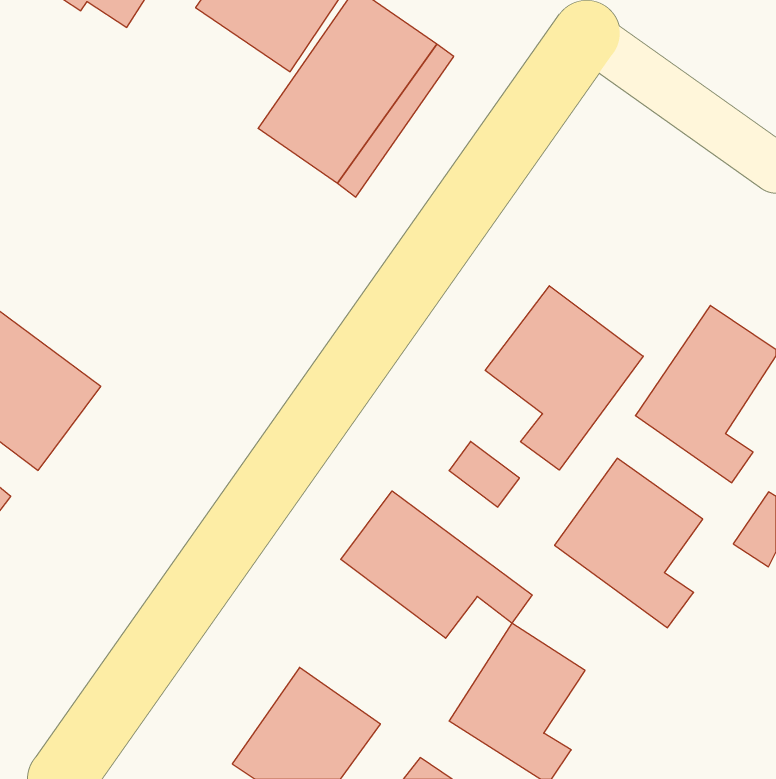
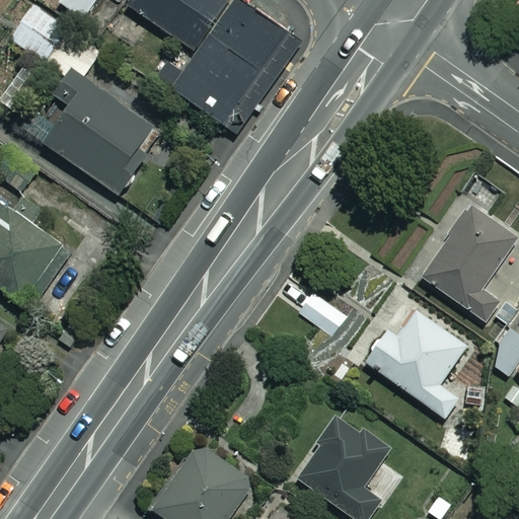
building: none -> [9,10,152,198]
building: [485,286,643,470] -> none
building: [341,491,532,638] -> none

